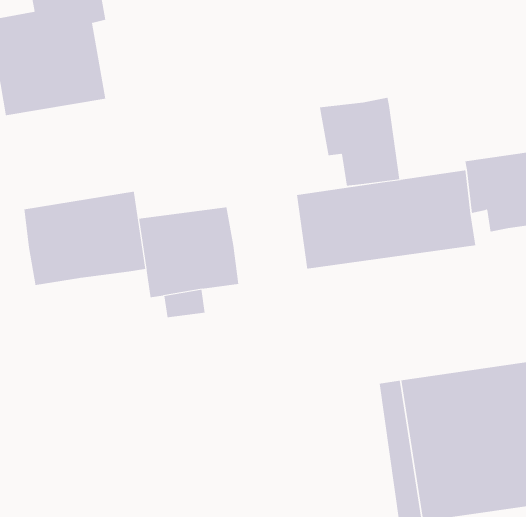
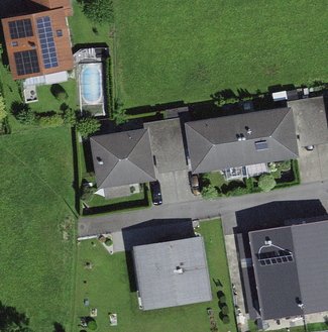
building: [319,97,400,186] -> [144,118,193,172]
building: [24,191,146,286] -> none
building: none -> [138,238,209,303]

